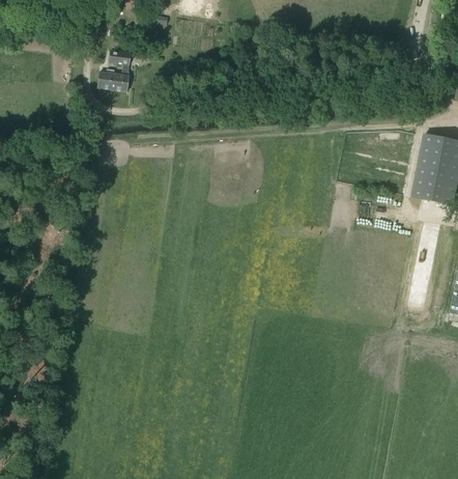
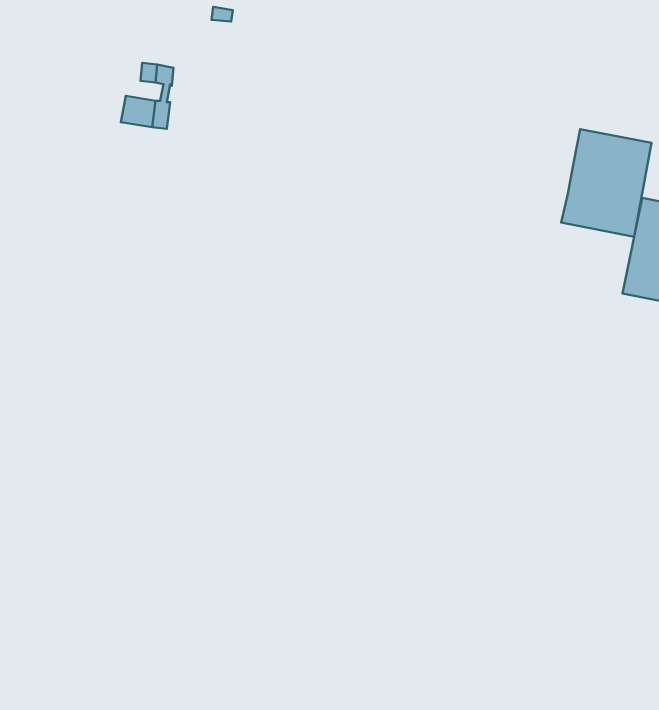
building: none -> [561,129,651,237]

